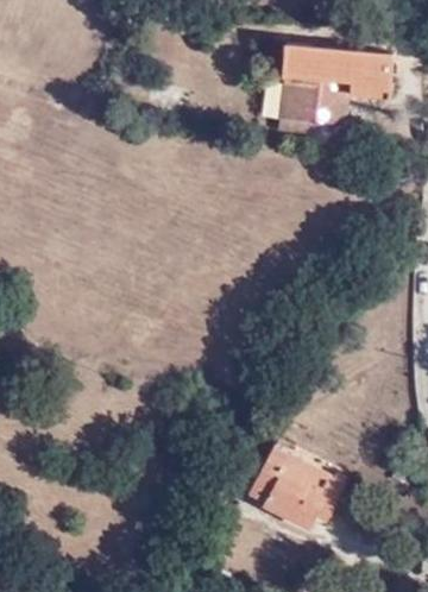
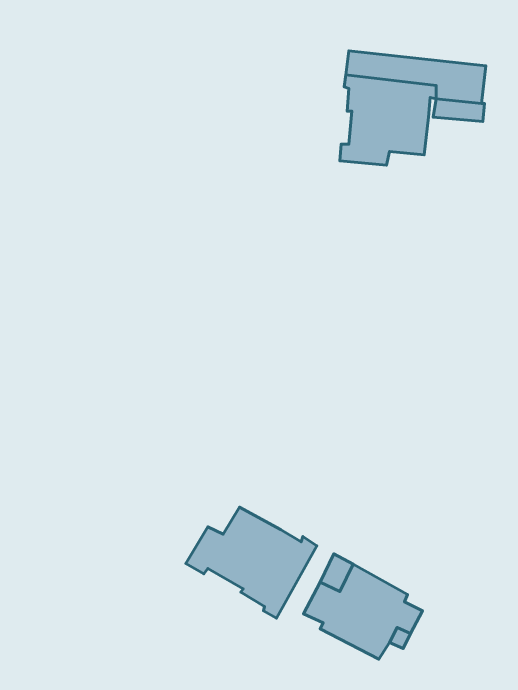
building: none -> [186,507,317,618]

